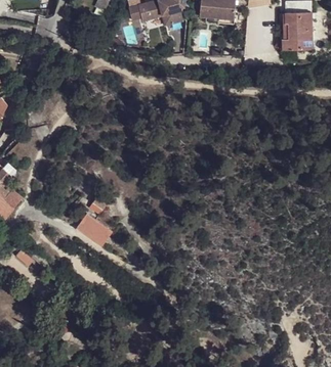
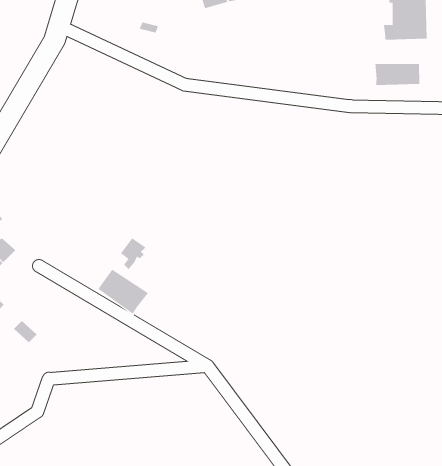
building: none -> [375,63,420,86]

